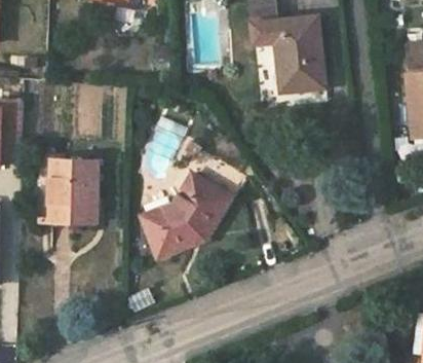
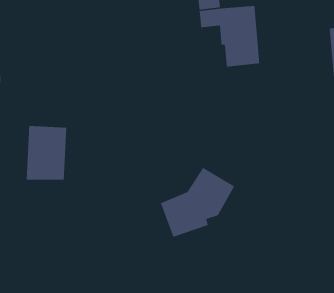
building: [141,175,229,258] -> [160,167,235,238]

